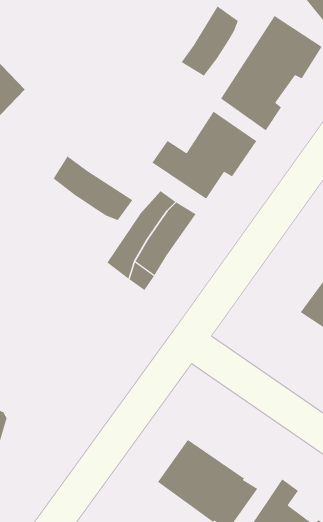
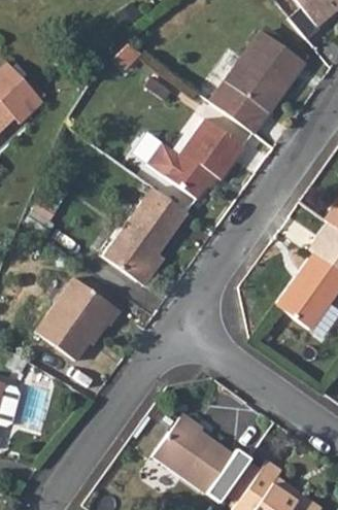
building: [181,6,239,76] -> none
building: [53,156,133,221] -> none
building: none -> [36,275,121,361]

